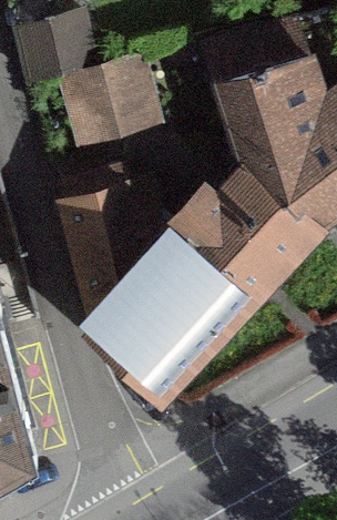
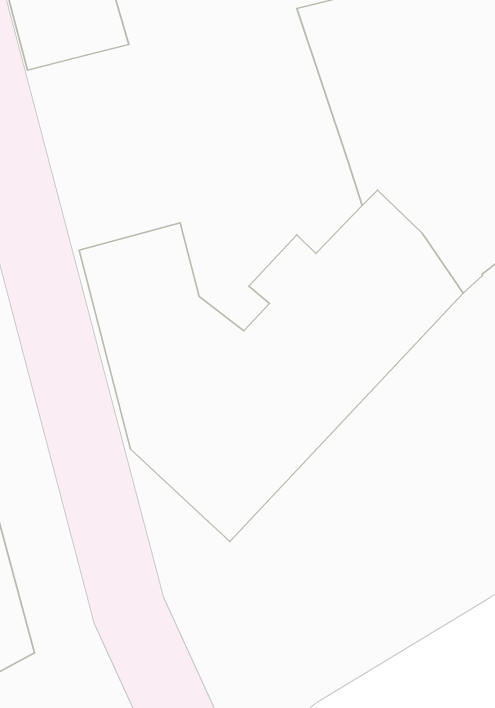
building: [72,70,151,142] -> none

